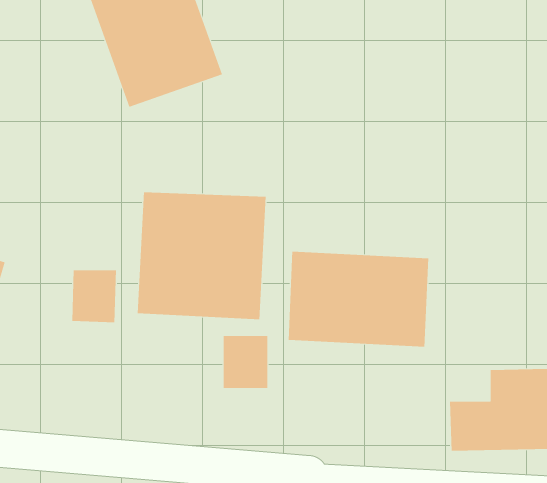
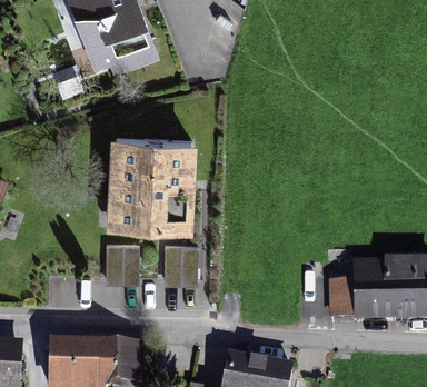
building: [288,251,429,348] -> none
building: [71,270,117,323] -> [103,242,136,280]

